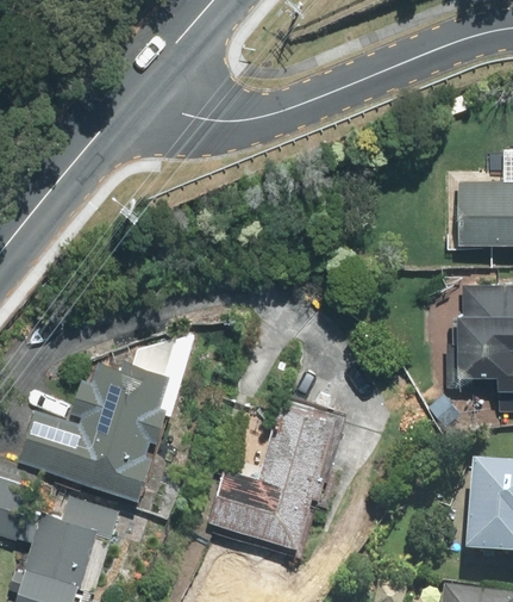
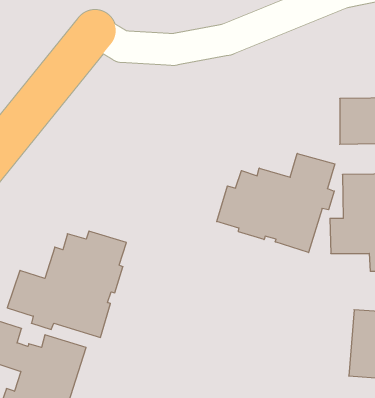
building: none -> [217,153,335,253]
building: [207,395,346,556] -> none

